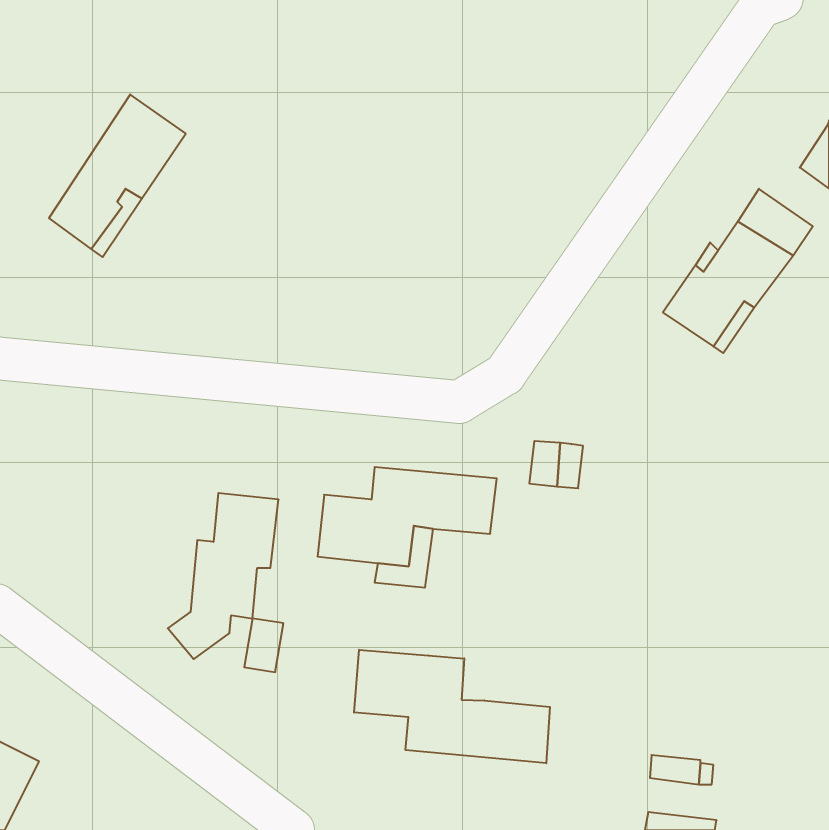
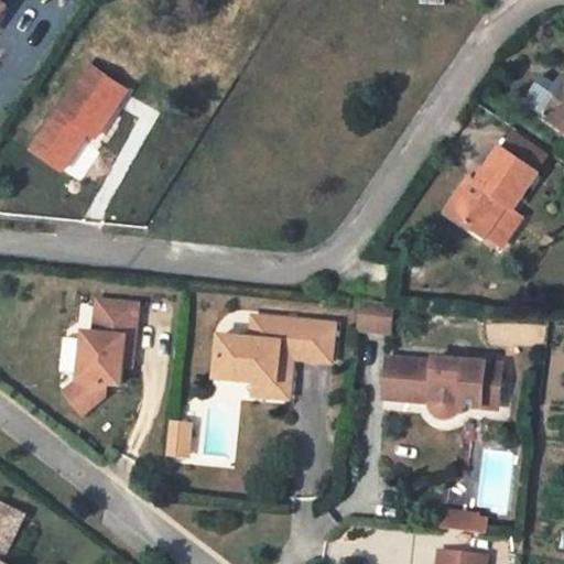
building: [168,493,279,659] -> [62,301,137,413]
building: none -> [382,357,501,421]
building: [354,650,550,763] -> none

